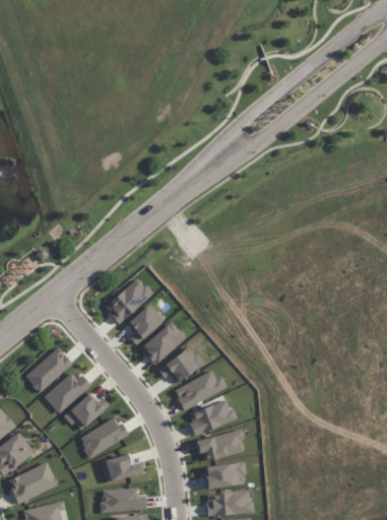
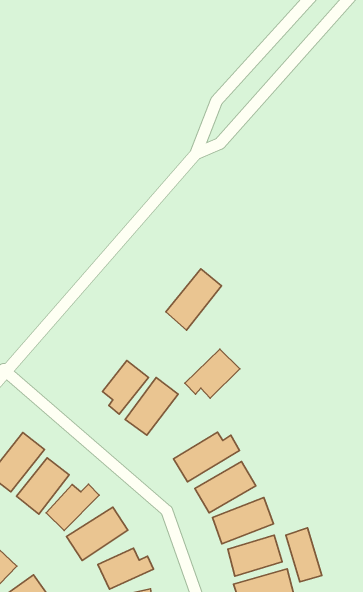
building: [104,278,151,325] -> [166,269,221,330]
building: [156,346,202,384] -> [185,349,240,398]
building: none -> [286,528,322,582]

